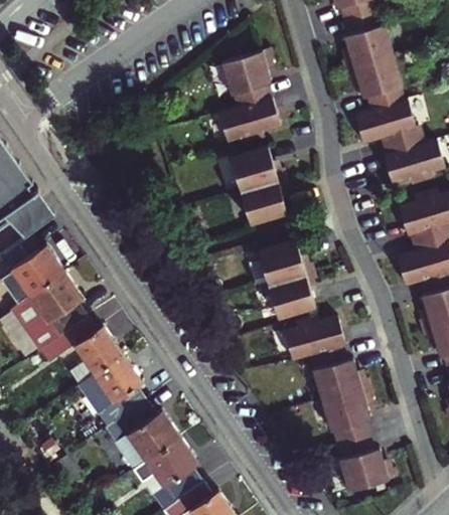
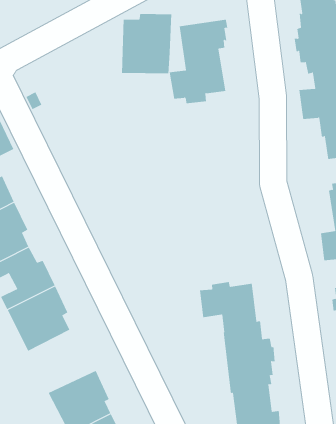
building: none -> [122,13,172,74]
building: [226,145,284,222] -> none
building: [254,241,313,319] -> none
building: [105,401,181,473] -> none

